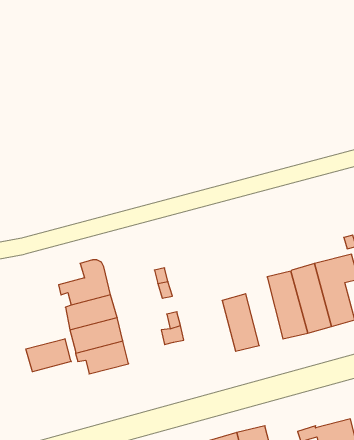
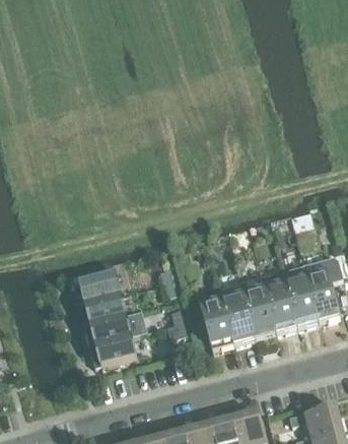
building: none -> [240,276,275,338]
building: none -> [199,298,232,350]
building: [26,339,71,372] -> none

